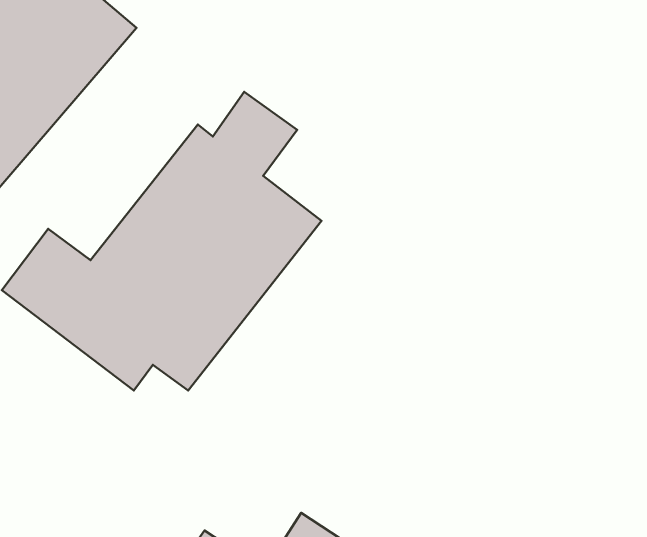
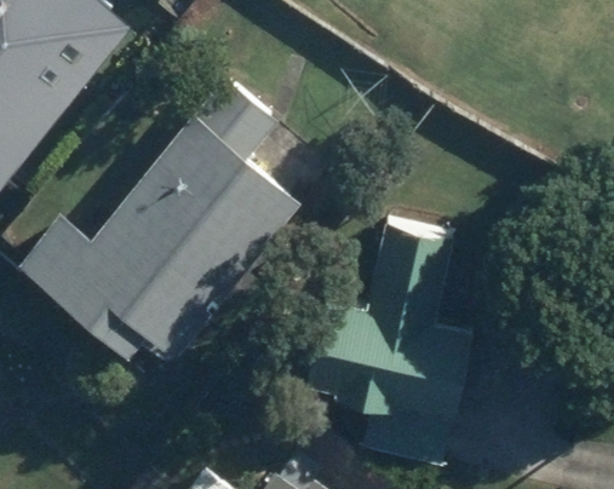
building: none -> [305,223,474,416]

